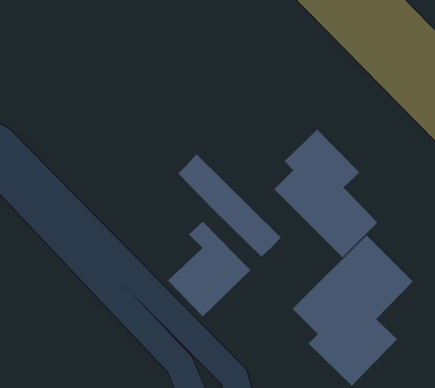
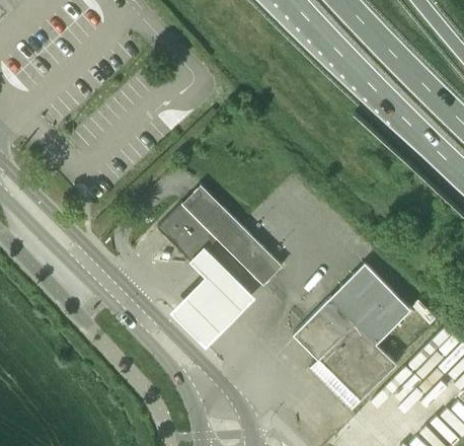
building: [273,129,378,258] -> none
building: none -> [158,205,217,264]

